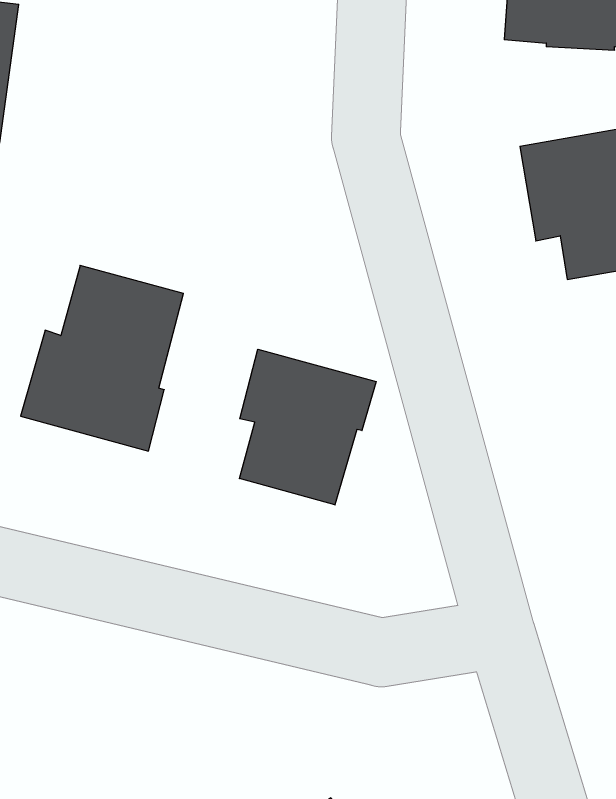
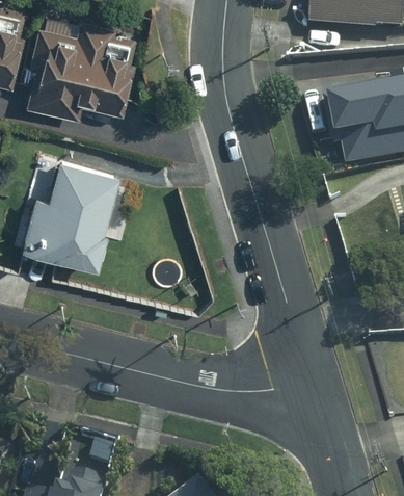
building: none -> [32,16,129,116]
building: [239,349,376,505] -> none

